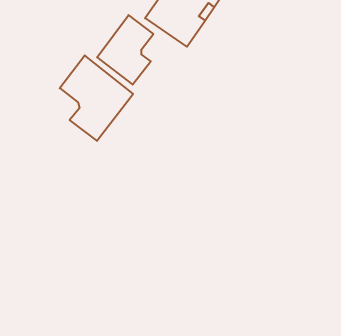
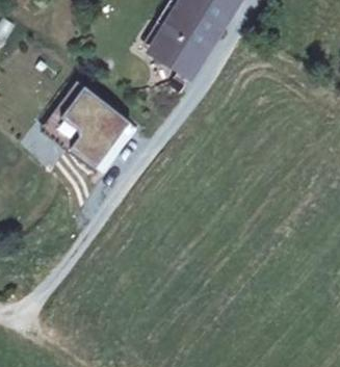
building: [97,15,153,85] -> none

